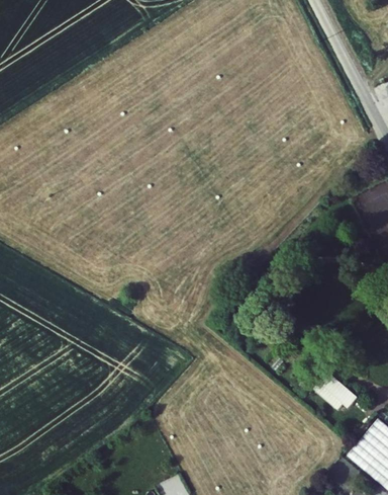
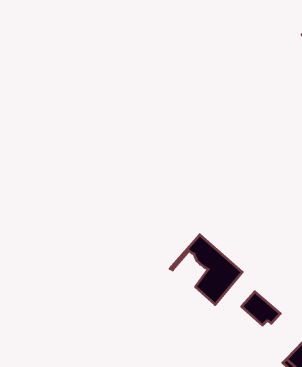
building: none -> [170,235,242,305]

